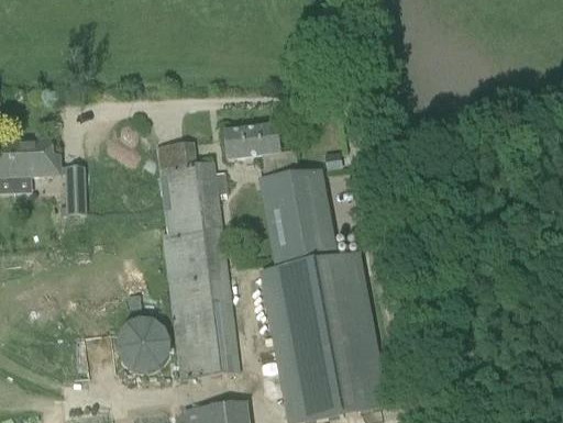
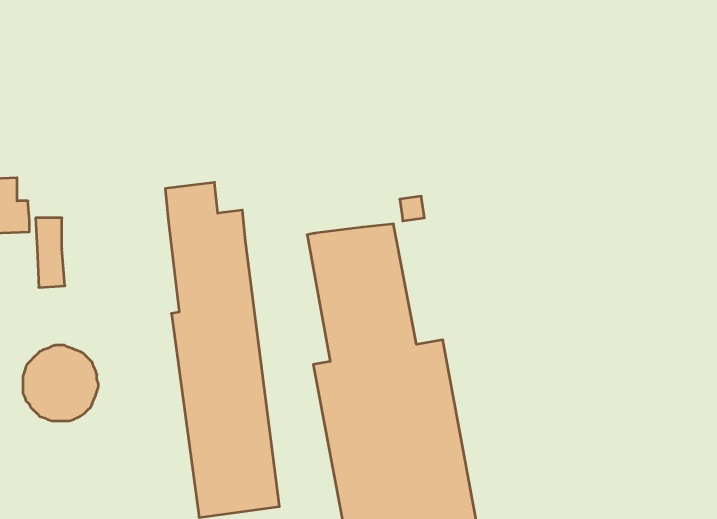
building: [224,124,299,177] -> none
building: [118,316,172,370] -> [23,345,98,421]

